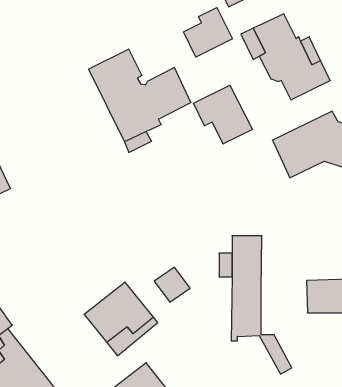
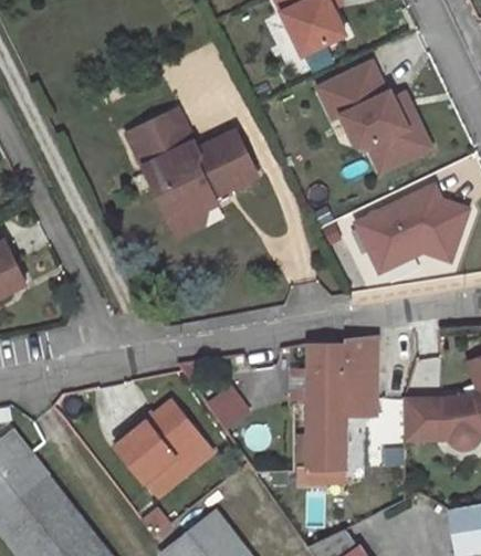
building: [184,8,232,57] -> none
building: [194,85,252,144] -> none
building: none -> [344,336,376,412]

